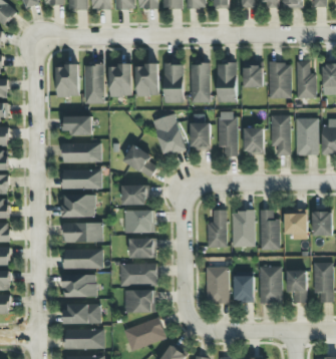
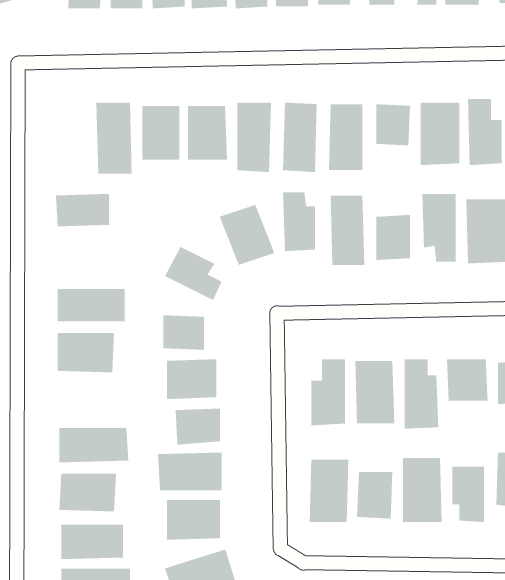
building: [57,65,80,97] -> none
building: [61,142,101,163] -> none
building: [63,223,102,243] -> none

